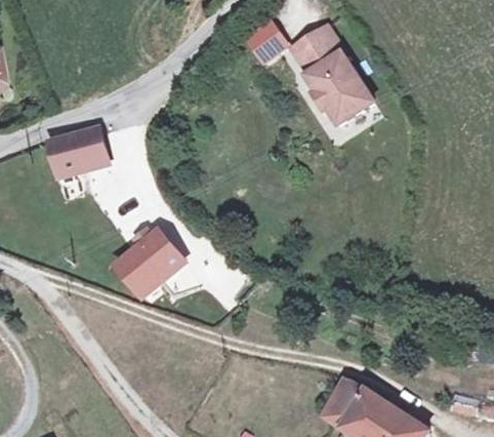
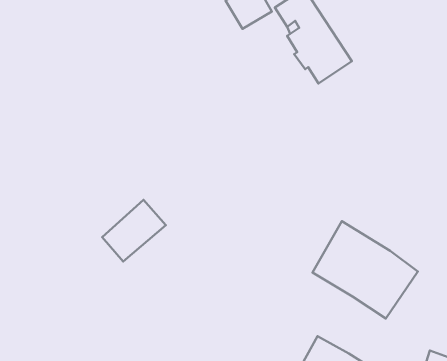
building: [45,130,105,171] -> none
building: none -> [313,221,418,318]

